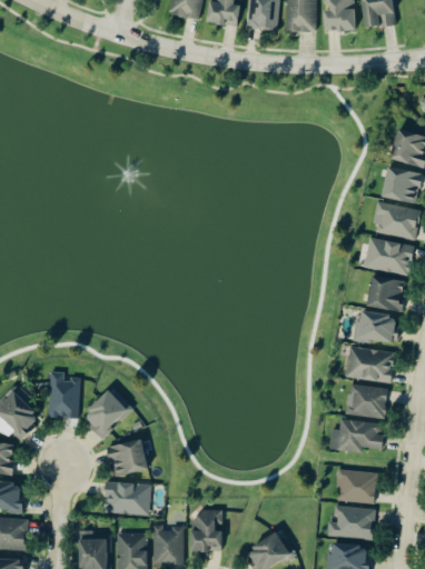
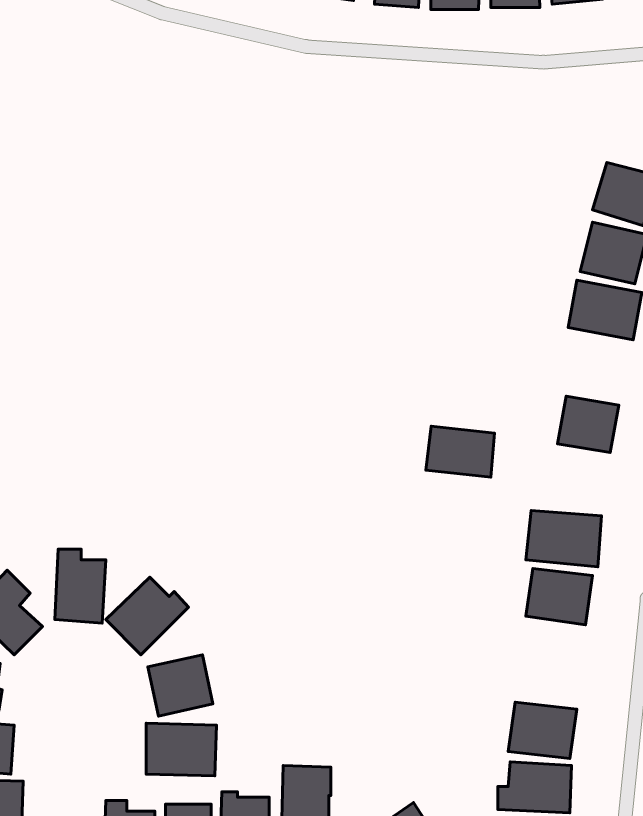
building: [364,237,414,277] -> none
building: [355,311,398,343] -> [426,426,495,477]
building: [329,419,384,453] -> none

